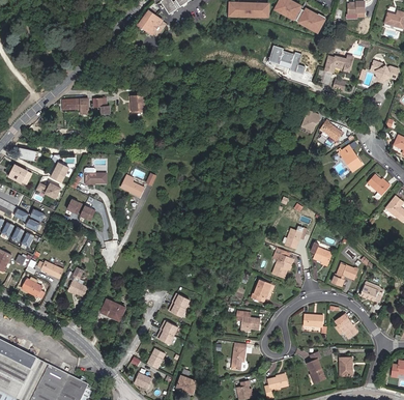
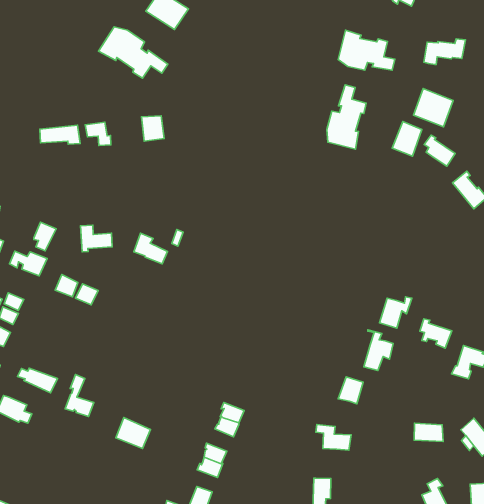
building: none -> [99,27,168,78]
building: none -> [327,85,366,149]
building: none -> [414,89,453,127]

